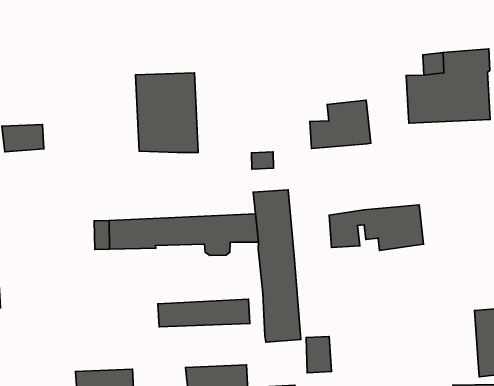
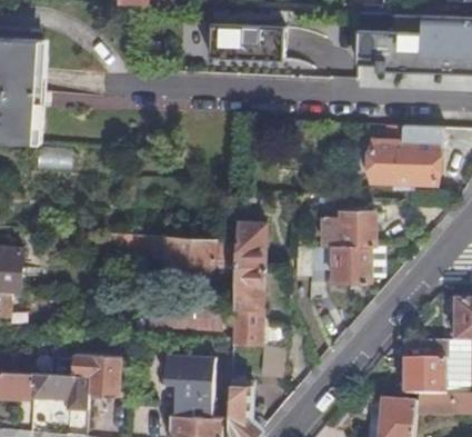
building: [135,73,198,152] -> none
building: [310,100,371,149] -> [324,212,373,248]

